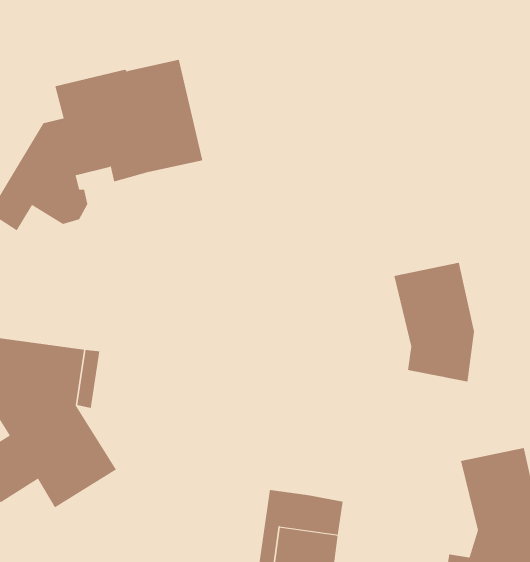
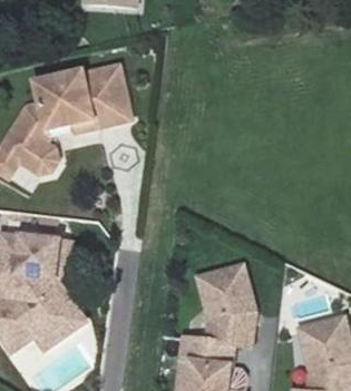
building: [394,262,475,382] -> [195,272,248,351]

